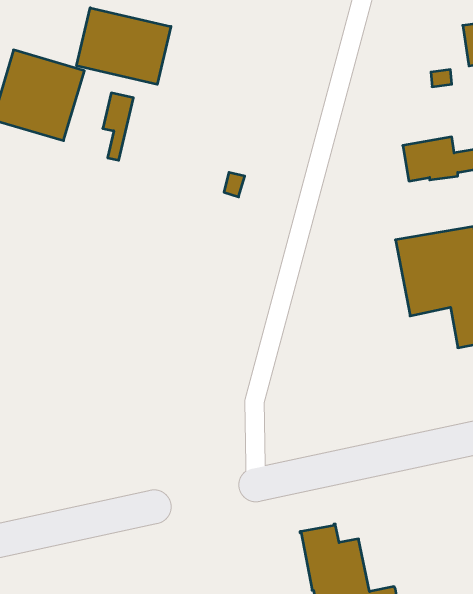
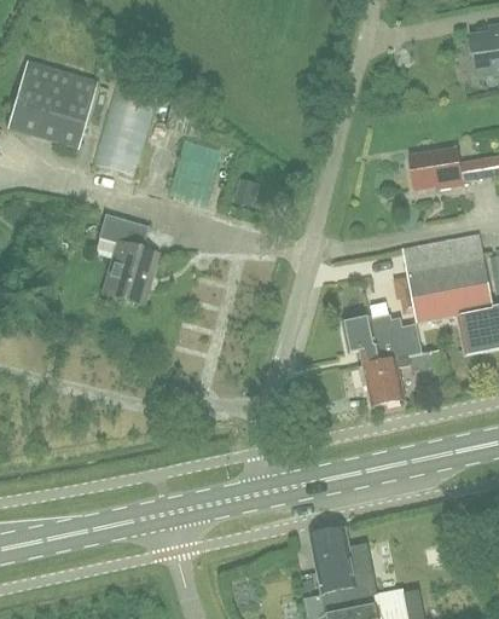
building: [77,8,171,84] -> none
building: none -> [99,213,157,303]
building: none -> [342,313,423,405]

